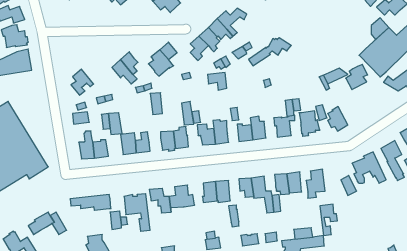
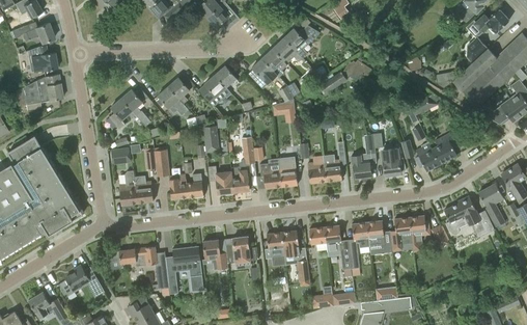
building: none -> [121,88,150,126]
building: [346,64,368,90] -> [432,134,457,164]
building: [320,204,337,236] -> [409,215,429,252]

